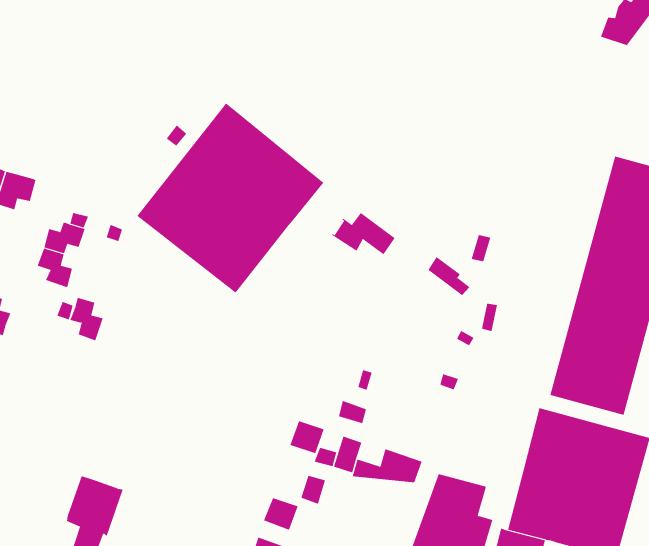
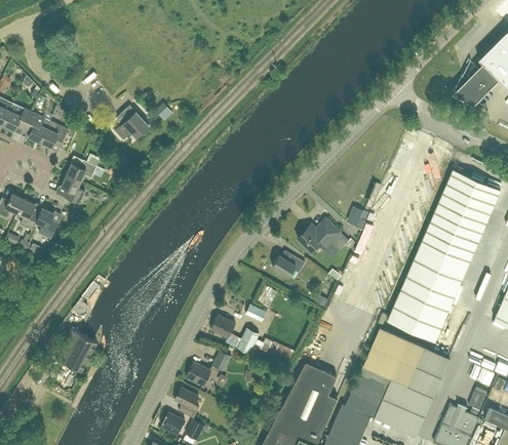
building: [137,103,324,293] -> none
building: none -> [116,107,148,139]
building: [331,212,395,255] -> [297,227,339,257]
building: [70,297,104,341] -> [35,208,57,239]
building: none -> [272,255,305,277]

